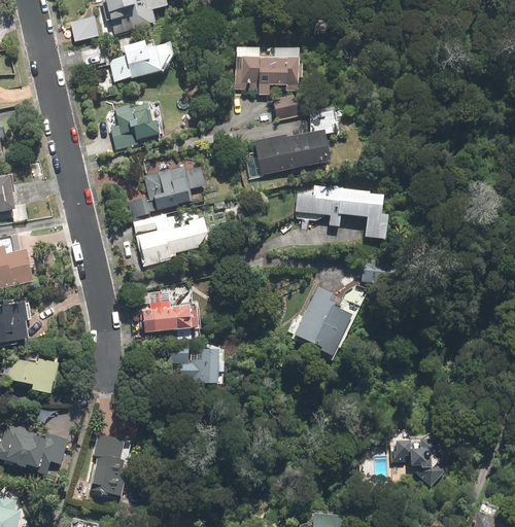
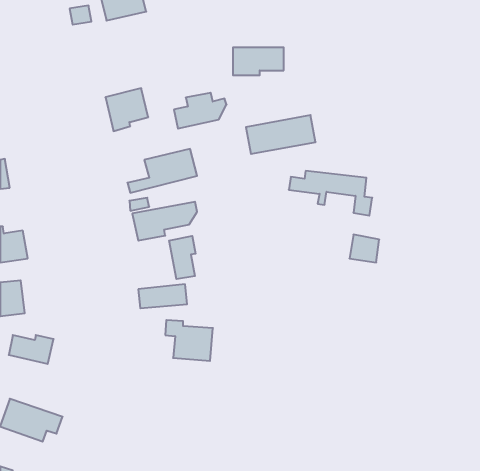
building: [111,42,166,79] -> [174,93,227,129]
building: [274,95,300,117] -> none
building: none -> [169,236,196,279]
building: [294,288,350,355] -> none
building: [90,432,125,493] -> none
building: [394,441,437,482] -> none

